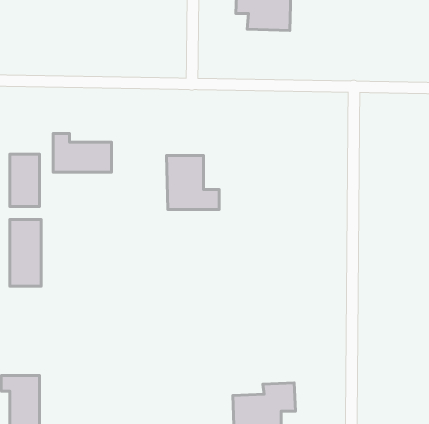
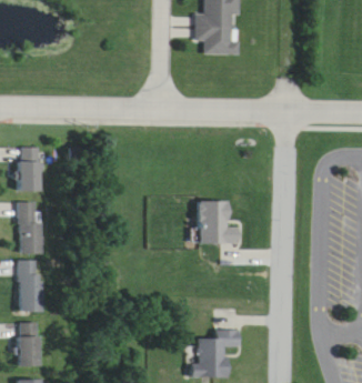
building: [53,133,112,172] -> none
building: [167,156,219,210] -> [199,203,240,245]
building: none -> [19,262,43,315]

